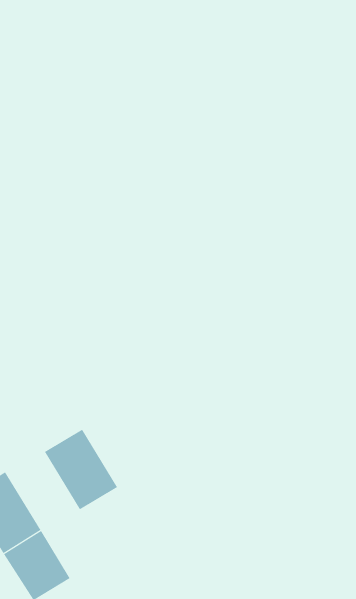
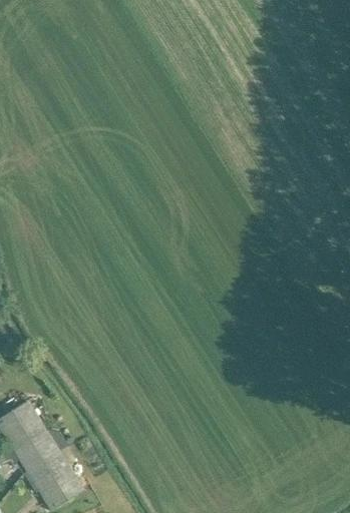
building: [44,429,118,510] -> none

